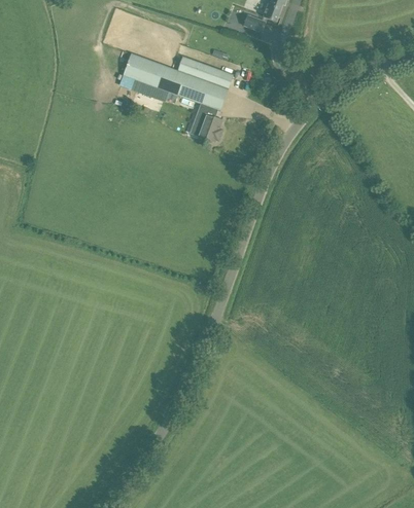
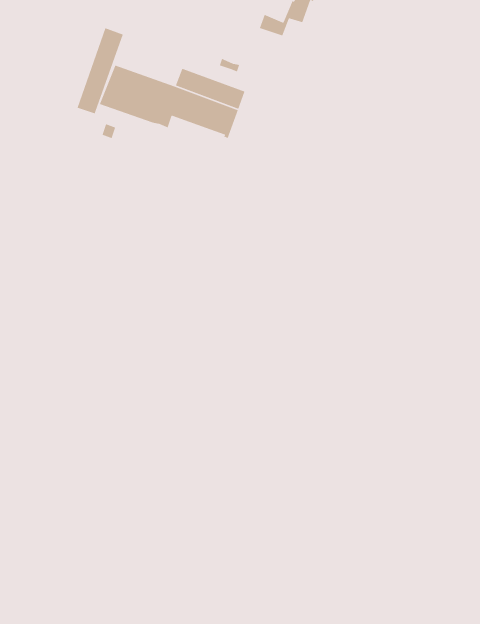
building: none -> [76,27,124,117]
building: [194,103,221,143] -> none

